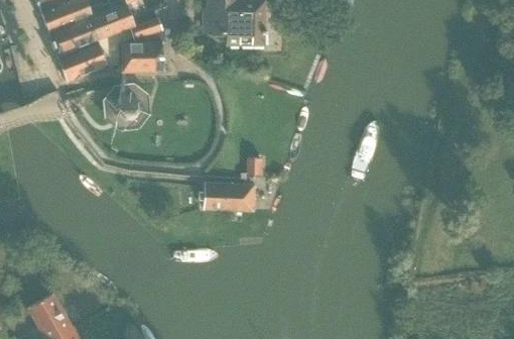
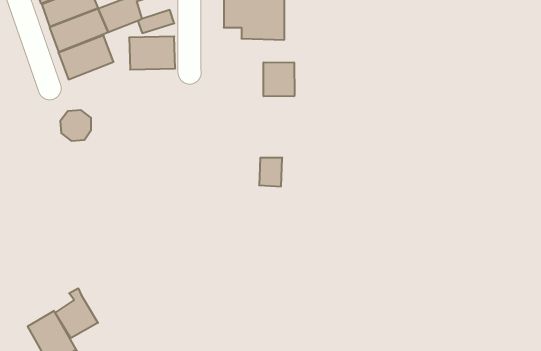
building: none -> [264,62,294,96]
building: [113,92,141,120] -> [60,110,91,141]
building: [205,183,254,210] -> none
building: none -> [55,288,98,338]

